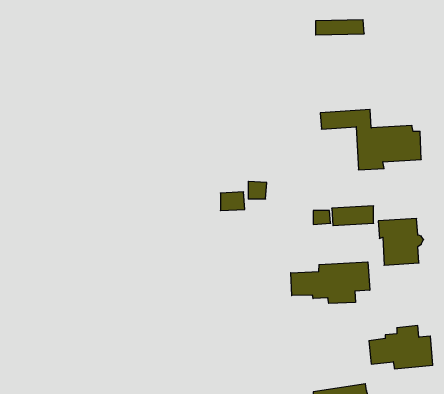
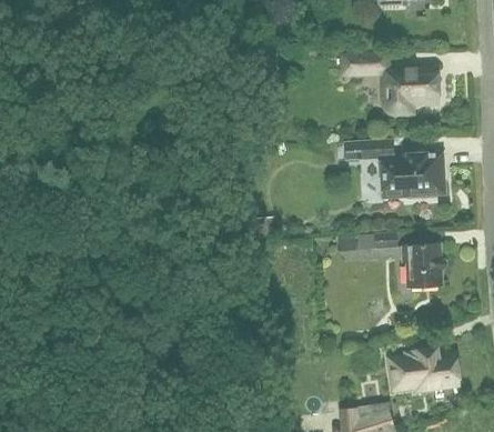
building: none -> [379,67,437,117]
building: [291,262,370,303] -> none

